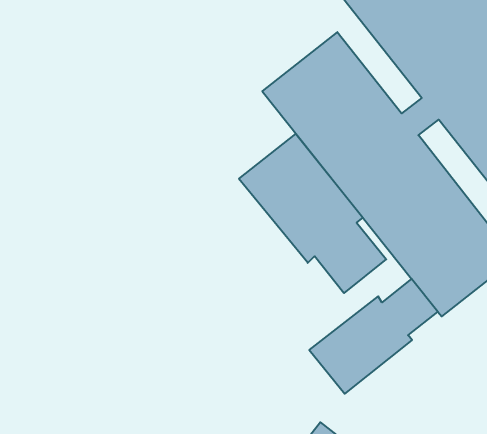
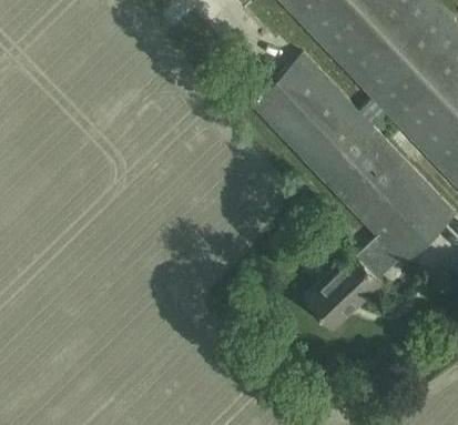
building: [239,134,386,293] -> none

